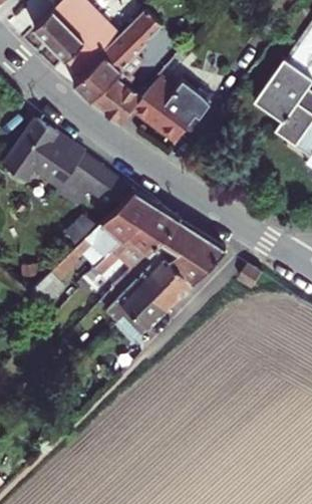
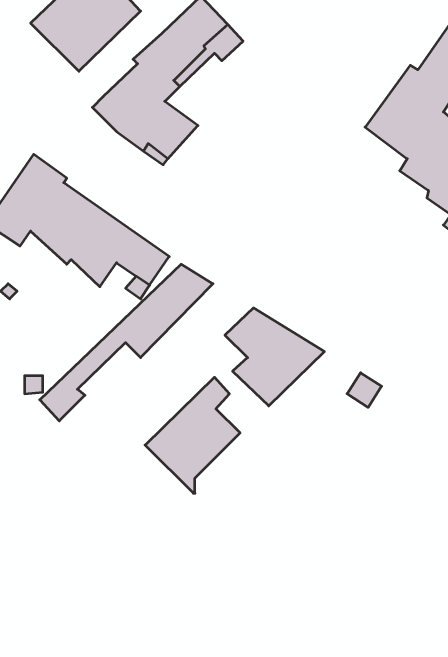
building: [63,21,118,78] -> none
building: [132,77,213,140] -> none
building: [72,203,180,292] -> none
building: [153,257,190,302] -> none

